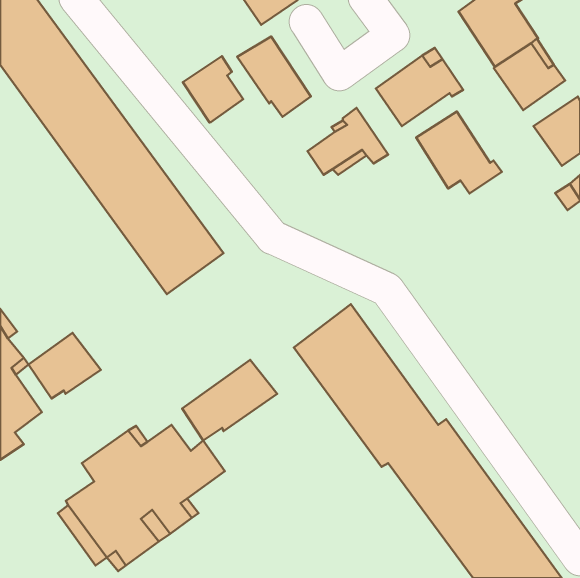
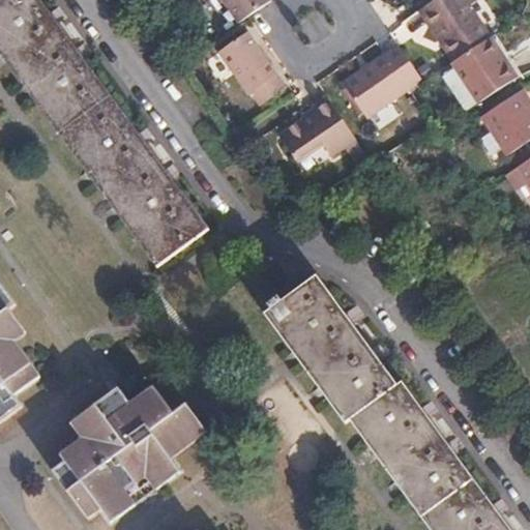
building: [183,56,243,123] -> none
building: [416,111,502,193] -> none
building: [28,333,101,398] -> none
building: [182,360,277,441] -> none

